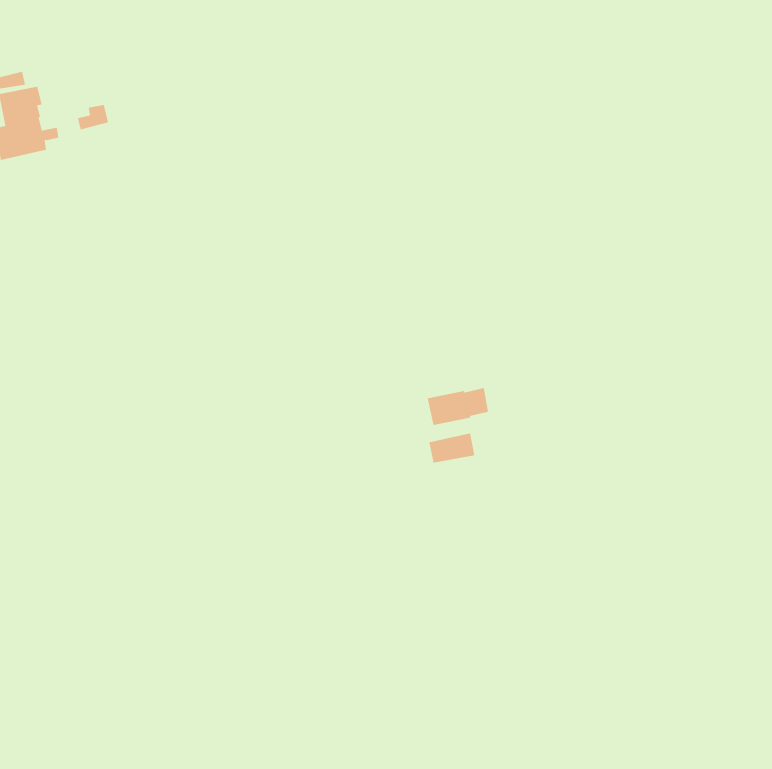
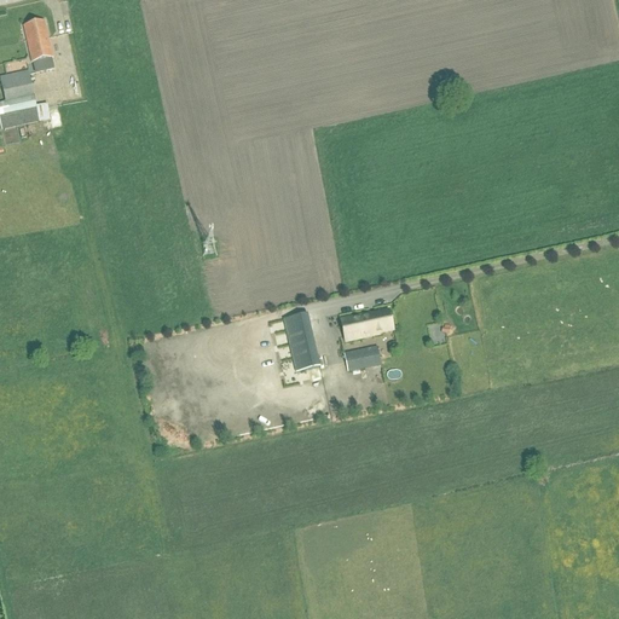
building: none -> [22,19,52,62]
building: none -> [284,313,320,371]

